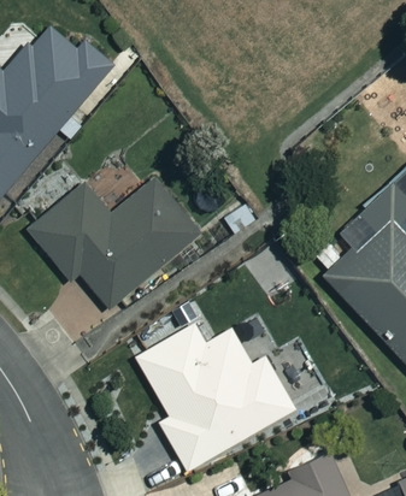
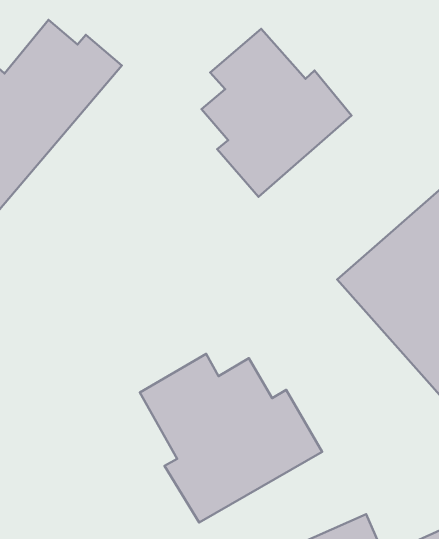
building: none -> [202,29,352,197]
building: [36,182,205,309] -> none

